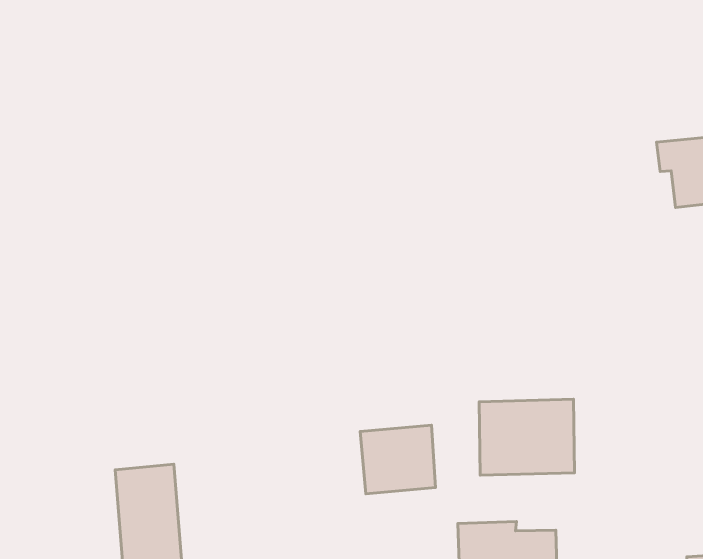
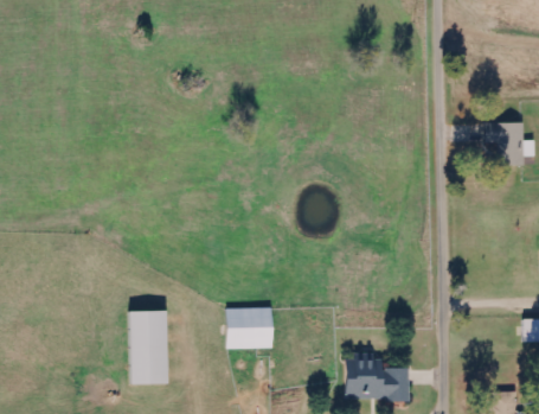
building: [479,399,575,475] -> none
building: [360,425,436,494] -> [225,306,271,348]

